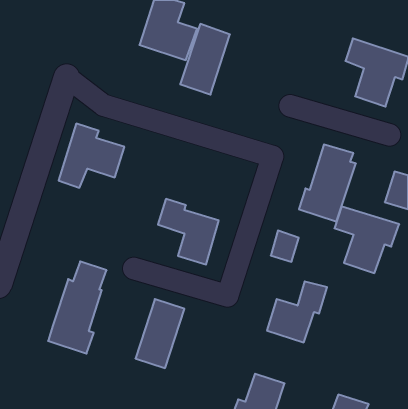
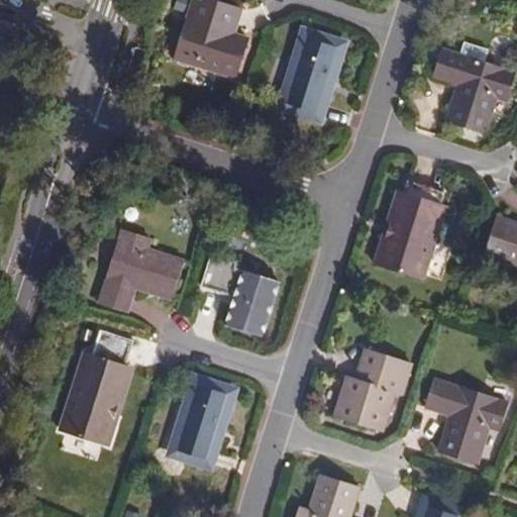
building: [180,24,230,95] -> [278,27,340,116]
building: [59,124,124,188] -> [99,228,182,309]
building: [334,207,399,273] -> [425,382,507,466]
building: [271,230,299,262] -> [348,346,384,386]

